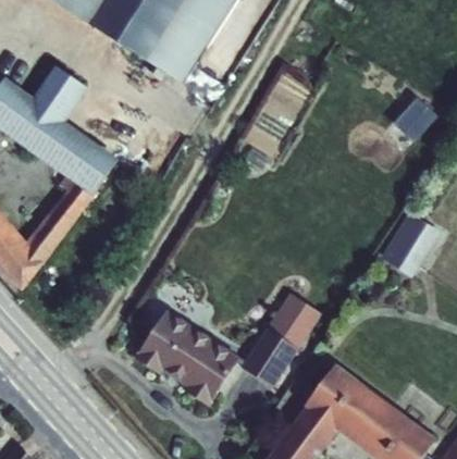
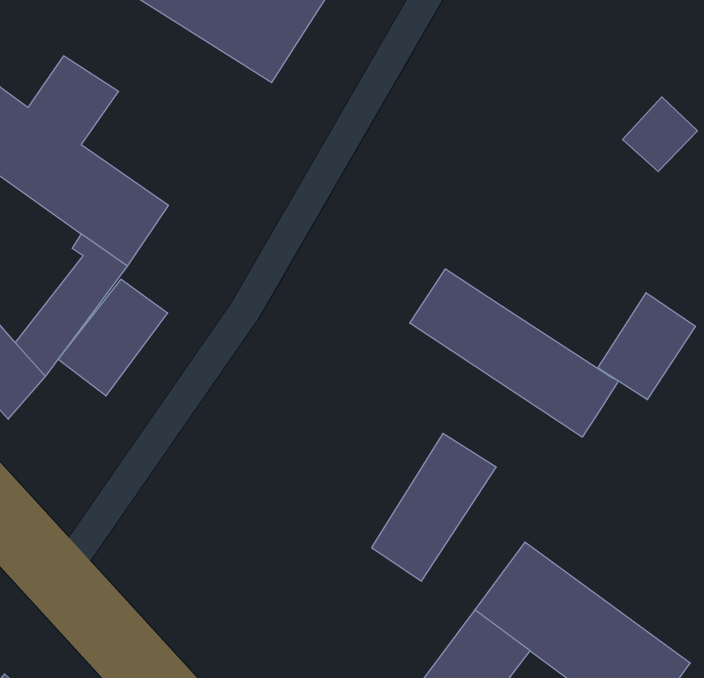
building: none -> [410,269,618,437]
building: none -> [58,279,168,396]
building: [134,308,240,406] -> none

